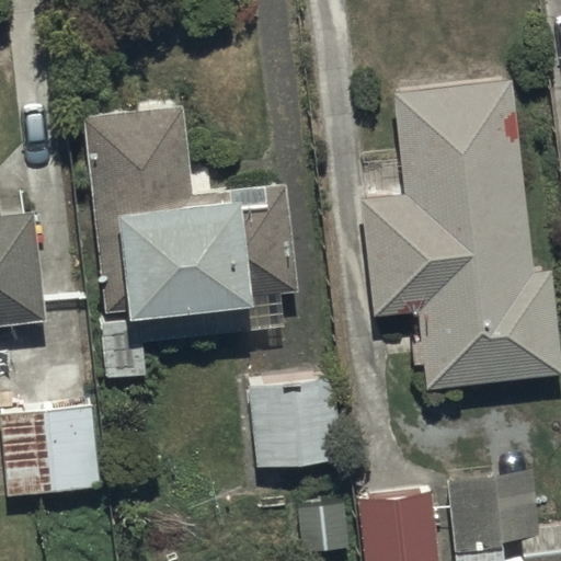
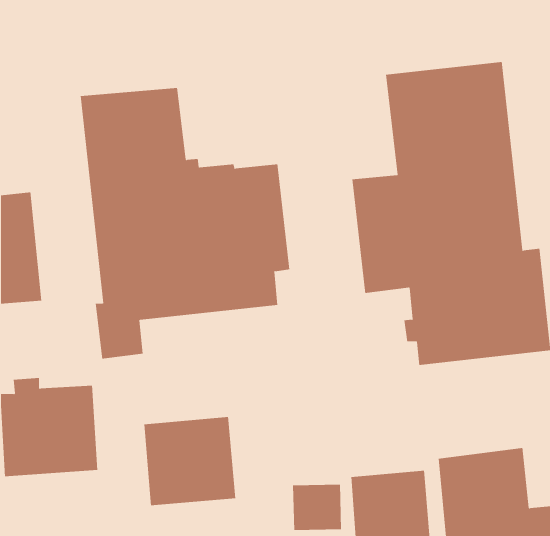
building: [248,379,342,470] -> [144,416,236,506]

